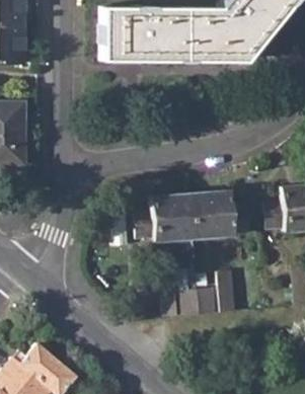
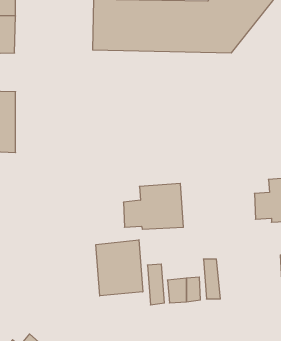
building: [192,192,247,239] -> none
building: none -> [96,240,143,296]

